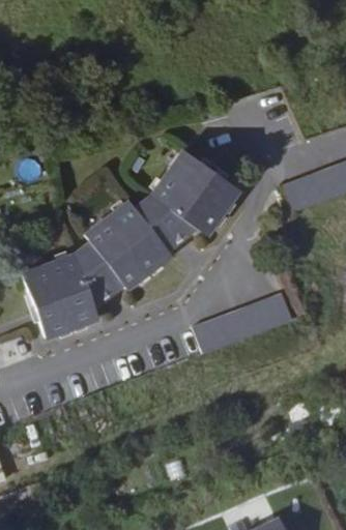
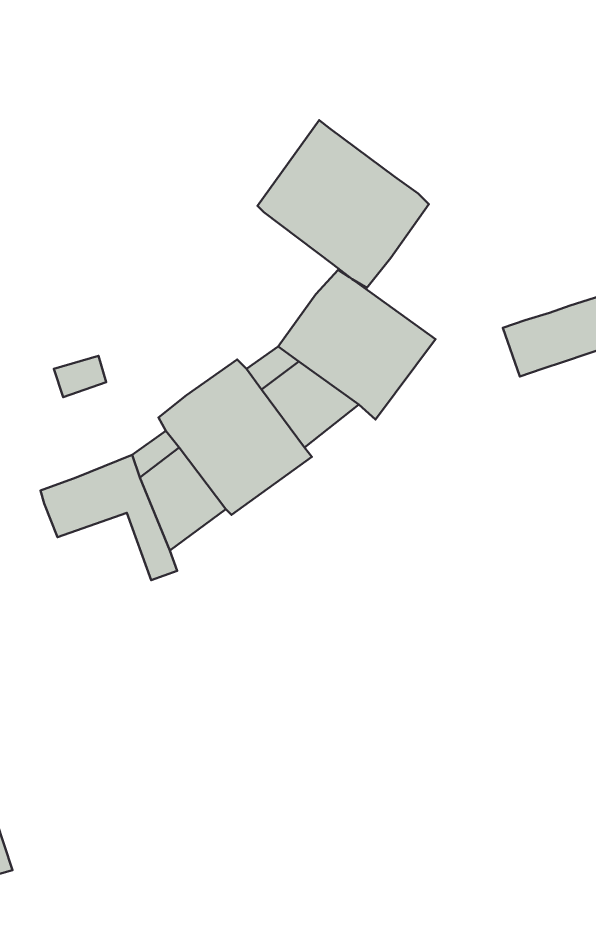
building: none -> [257,120,429,288]
building: [34,285,86,336] -> none
building: [199,292,298,352] -> none

